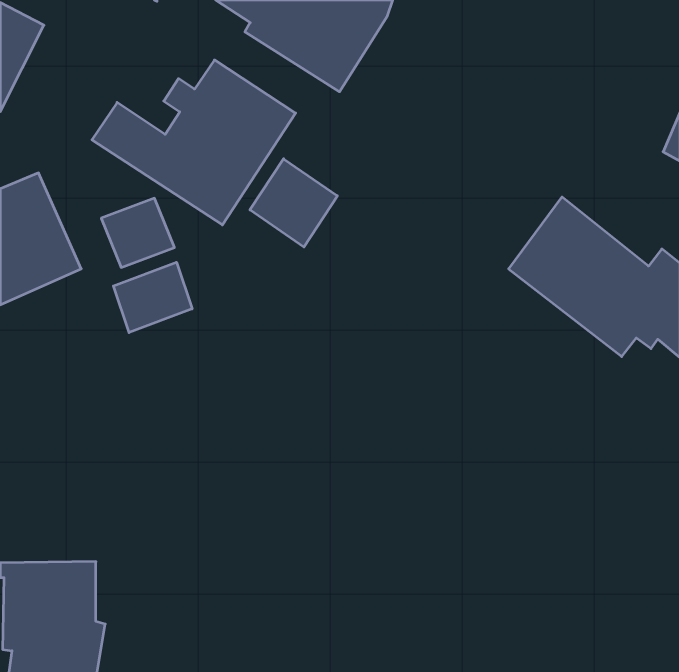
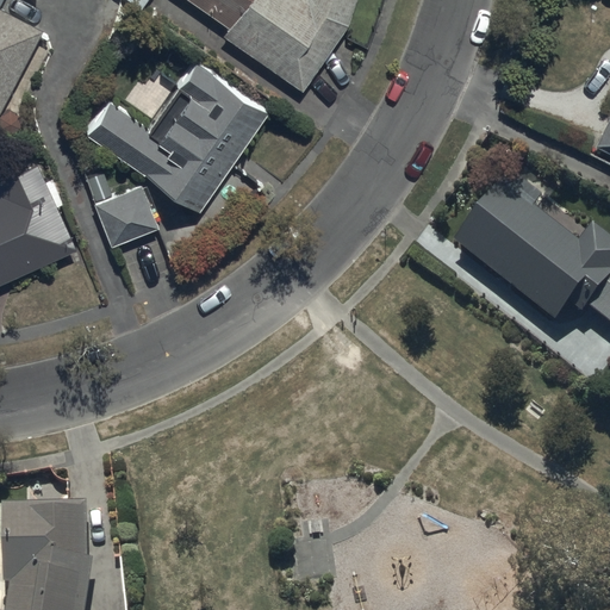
building: [250,159,337,247] -> none
building: [113,262,192,333] -> none

